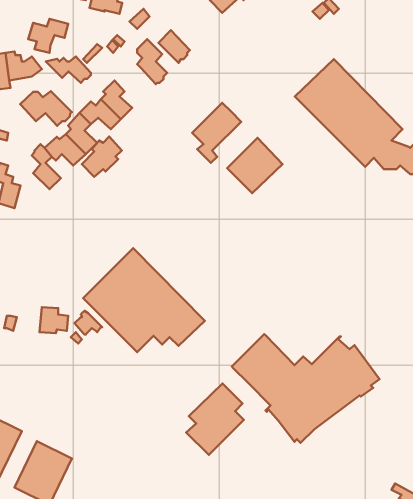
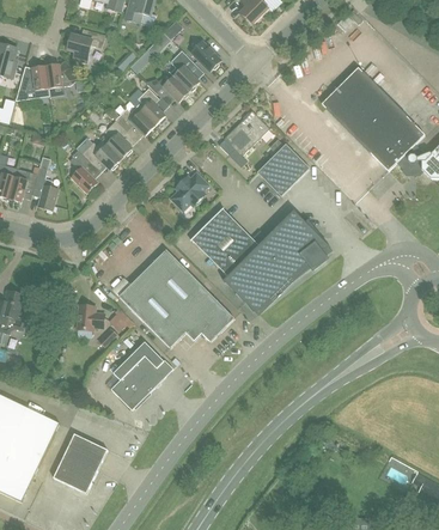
building: [46,56,91,83] -> [145,75,188,100]
building: [20,91,72,126] -> none
building: [82,137,122,177] -> [170,171,208,209]
building: [232,334,380,443] -> [190,207,331,311]
building: [186,384,244,455] -> [110,341,165,409]

